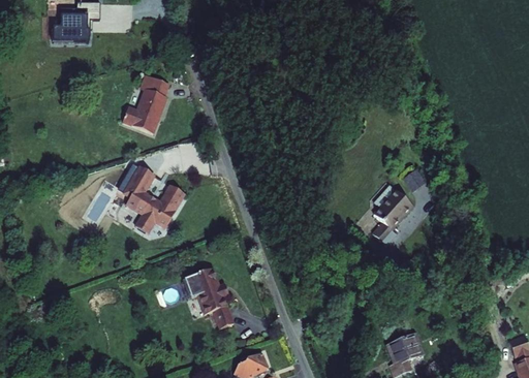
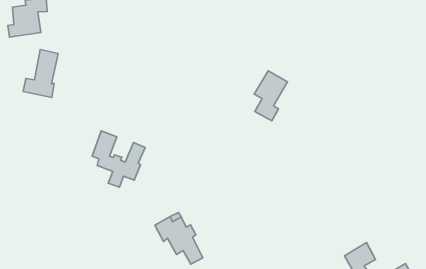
building: [124,75,169,131] -> [23,50,58,98]
building: [365,189,406,246] -> [254,71,287,121]

